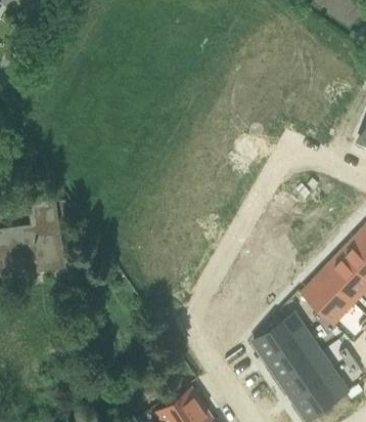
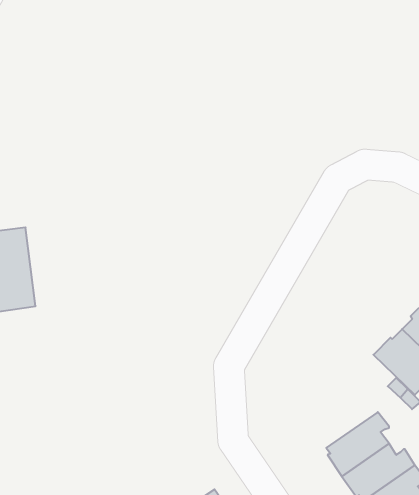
building: [254,318,306,360] -> none

